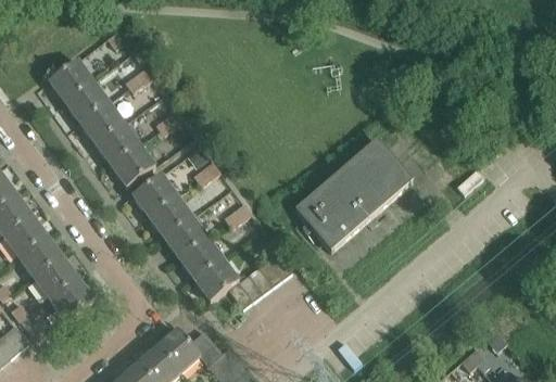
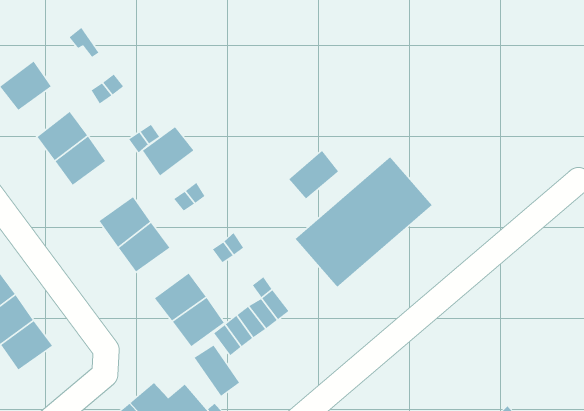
building: [64,80,108,123] -> none
building: none -> [288,150,339,200]
building: [110,143,154,186] -> [142,126,195,176]
building: [163,216,207,258] -> none
building: none -> [193,345,240,397]

